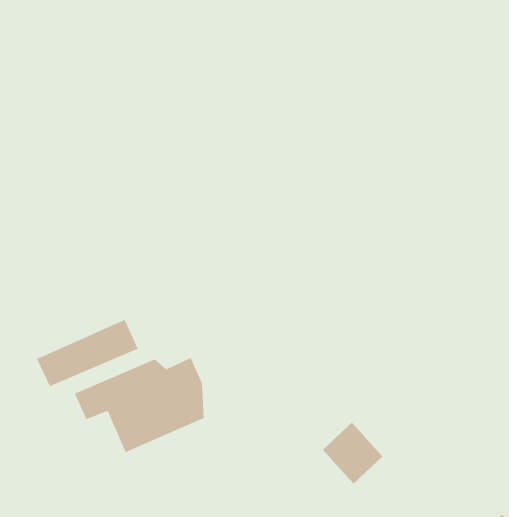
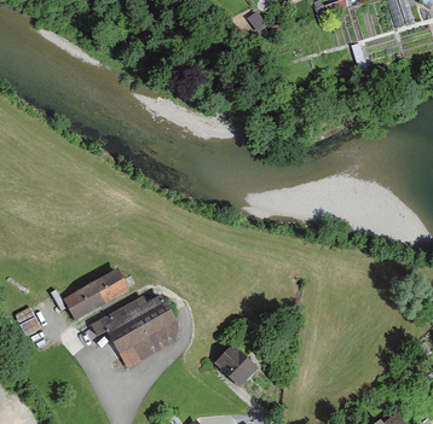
building: [322,422,383,484] -> [216,342,261,388]

